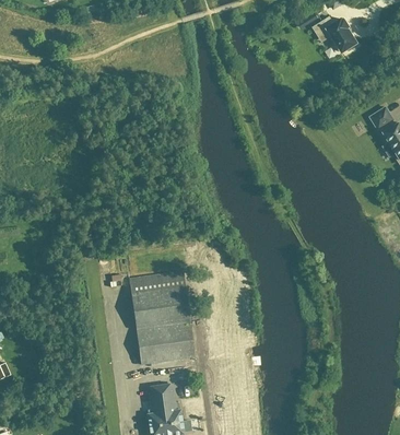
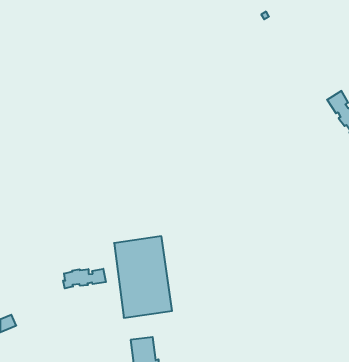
building: [311,20,356,52] -> none
building: none -> [63,269,106,288]

